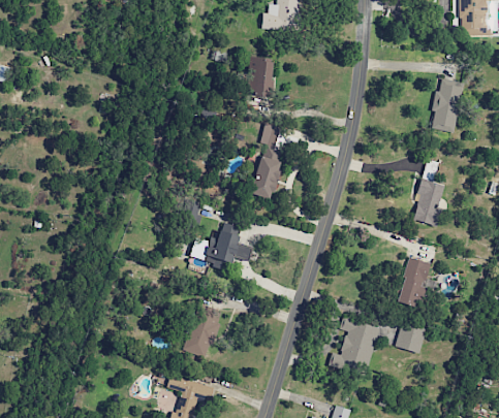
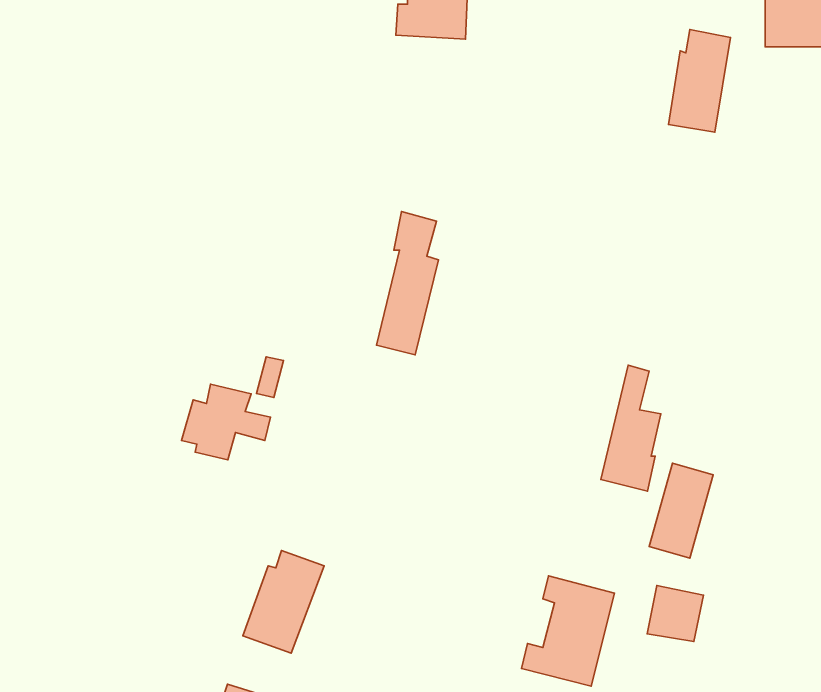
building: [248,57,272,95] -> none
building: [430,78,463,133] -> [669,30,730,132]
building: [412,159,444,226] -> [601,365,661,491]
building: [204,230,251,270] -> [181,384,270,460]

